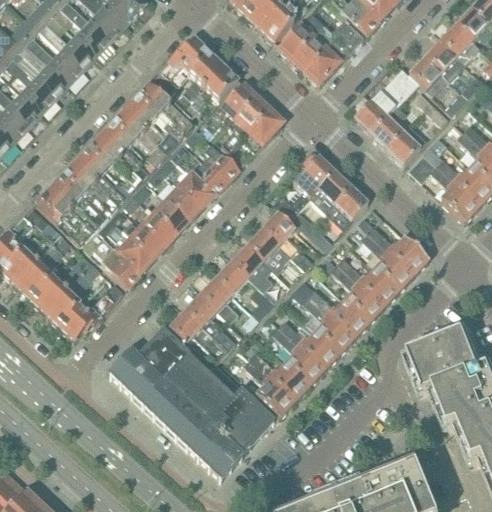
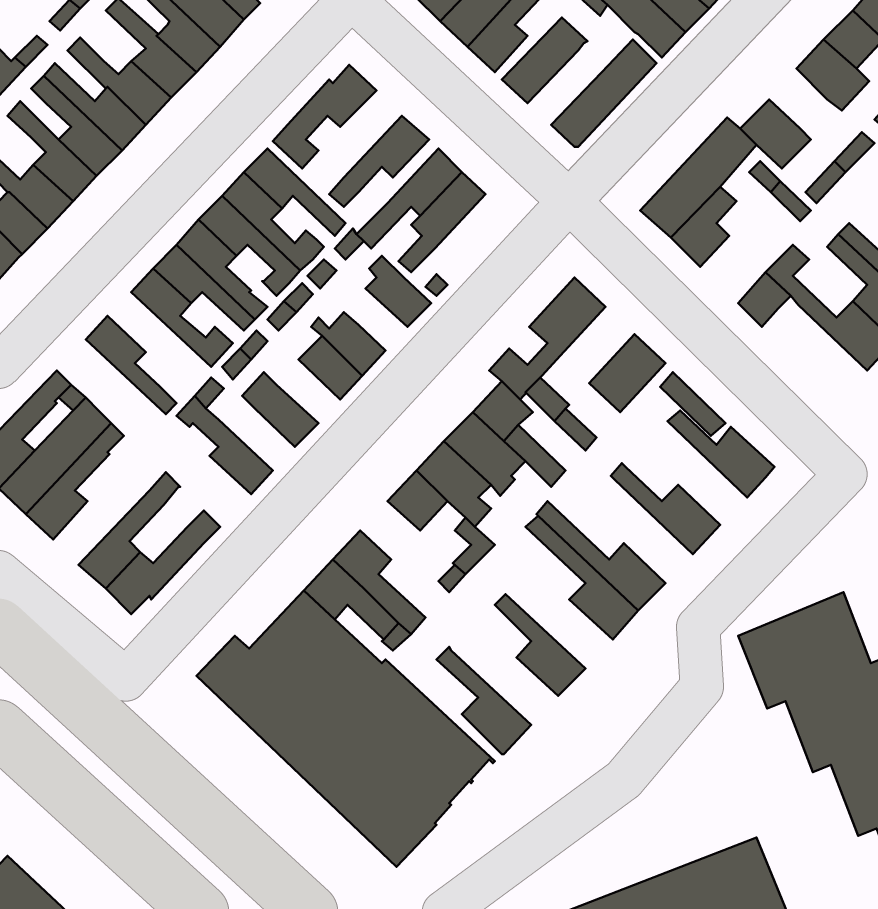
building: [292,20,350,71] -> none
building: [425,40,465,80] -> none
building: [174,52,223,109] -> none
building: [241,109,282,152] -> none
building: [387,125,426,165] -> none
building: [191,161,226,195] -> none
building: [61,163,118,211] -> none
building: [430,165,479,221] -> none
building: [310,171,351,213] -> none
building: [36,189,93,237] -> none
building: [154,200,189,235] -> none
building: [122,220,164,261] -> none
building: [83,234,140,288] -> none
building: [363,234,413,291] -> none
building: [321,254,383,323] -> none
building: [31,255,93,313] -> none
building: [200,278,238,322] -> none
building: [280,322,339,370] -> none
building: [249,352,309,401] -> none

